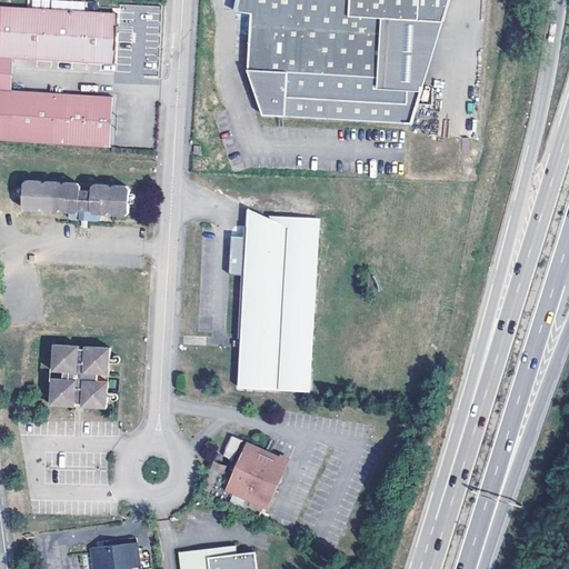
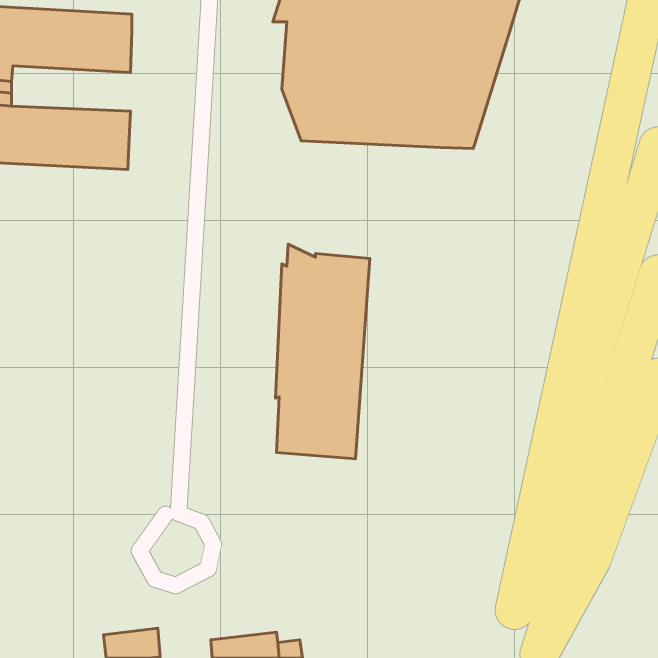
building: [22,178,131,221] -> none
building: [49,342,109,406] -> none
building: [223,439,289,507] -> none

